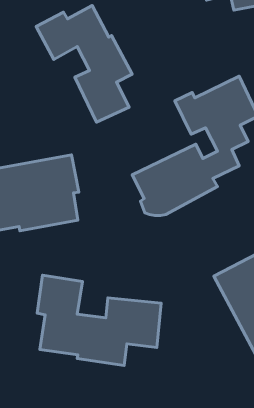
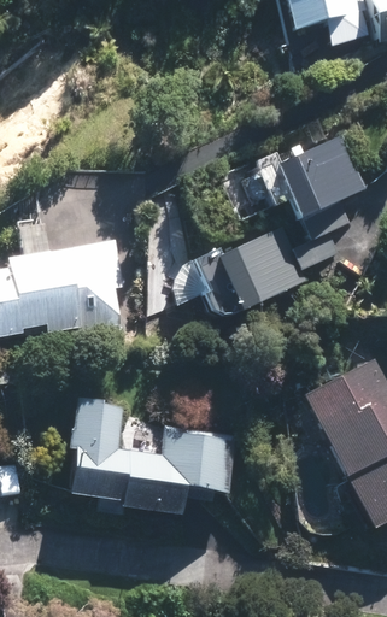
building: [36,6,132,122] -> none

